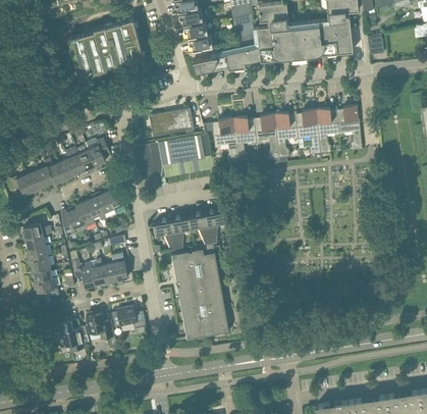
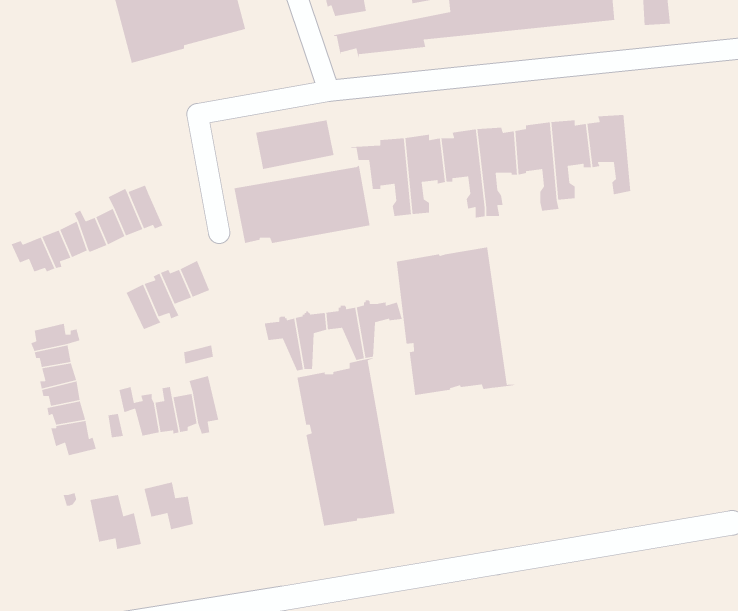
building: [86,139,110,168] -> none
building: none -> [396,246,515,396]
building: [63,206,86,237] -> none
building: [112,306,146,328] -> none

